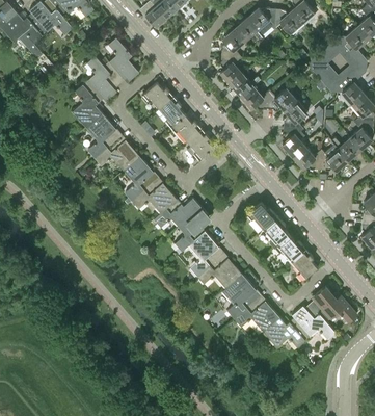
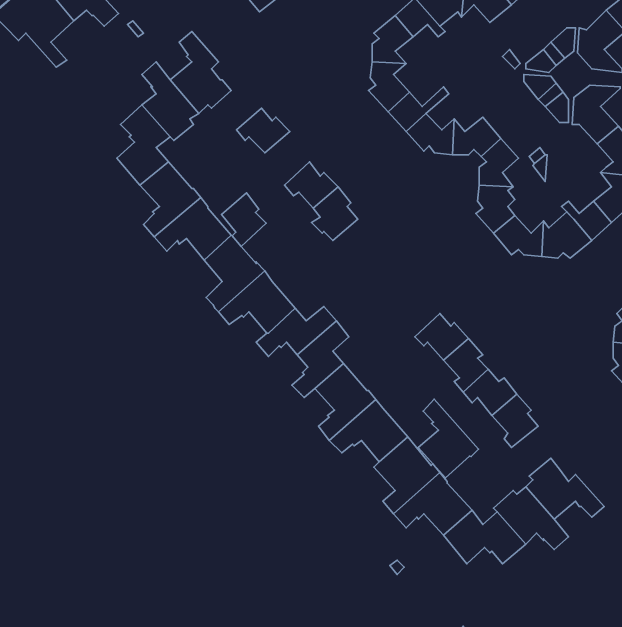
building: [159,97,185,128] -> [221,193,266,247]
building: none -> [418,399,479,478]

